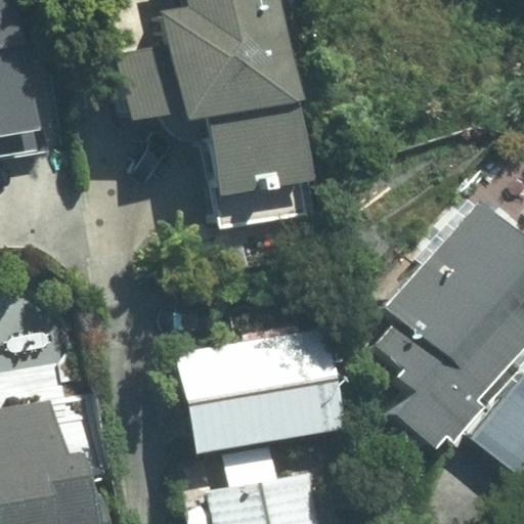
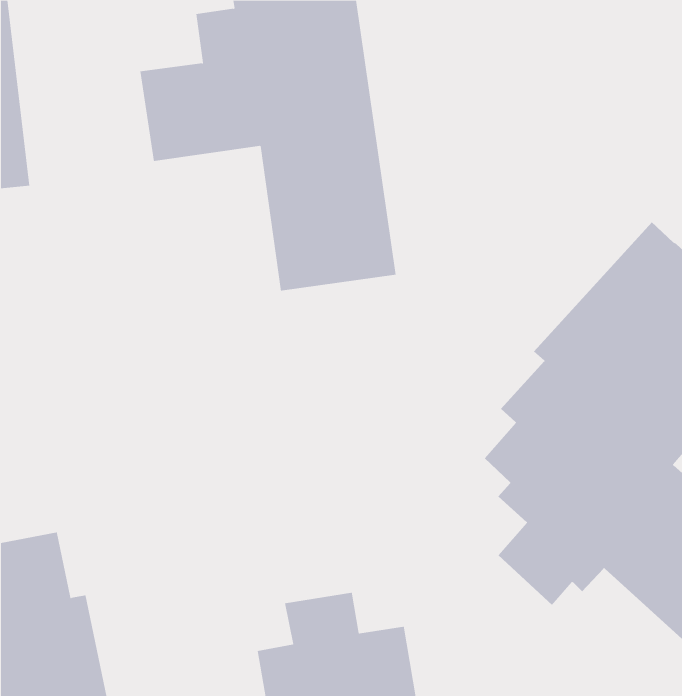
building: [175,331,347,451] -> none

